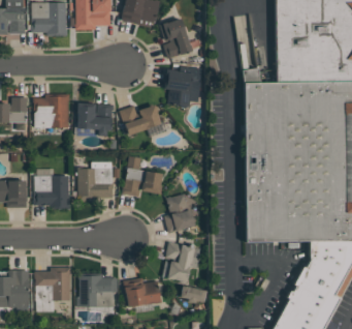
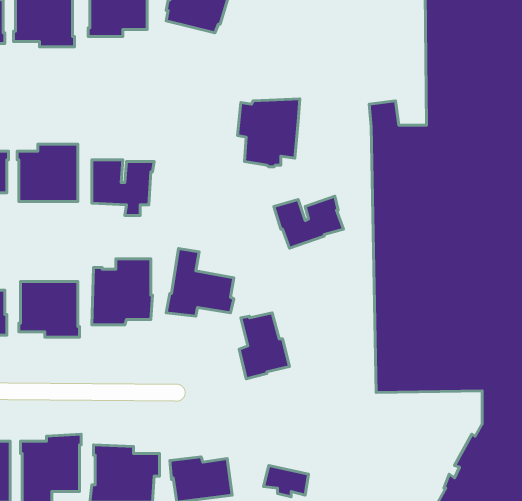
building: [159,19,192,59] -> none
building: [120,104,161,136] -> [274,196,343,248]
building: [162,242,199,282] -> none

